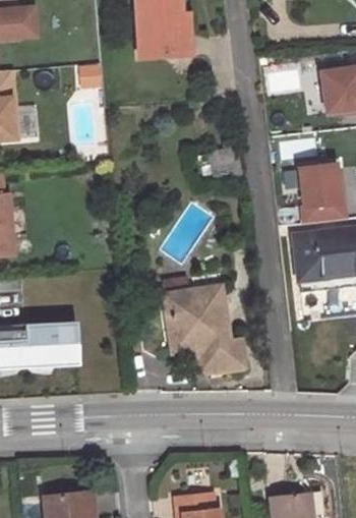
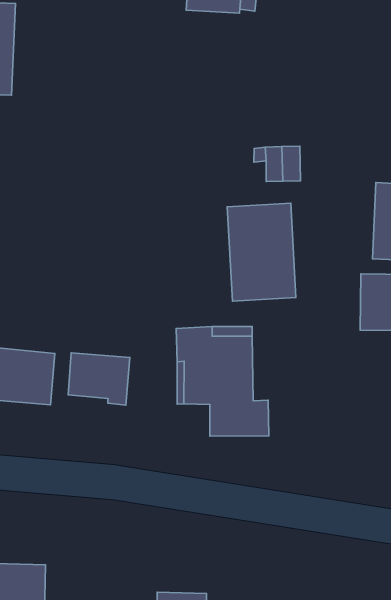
building: none -> [227,203,296,301]
building: none -> [68,353,130,405]

